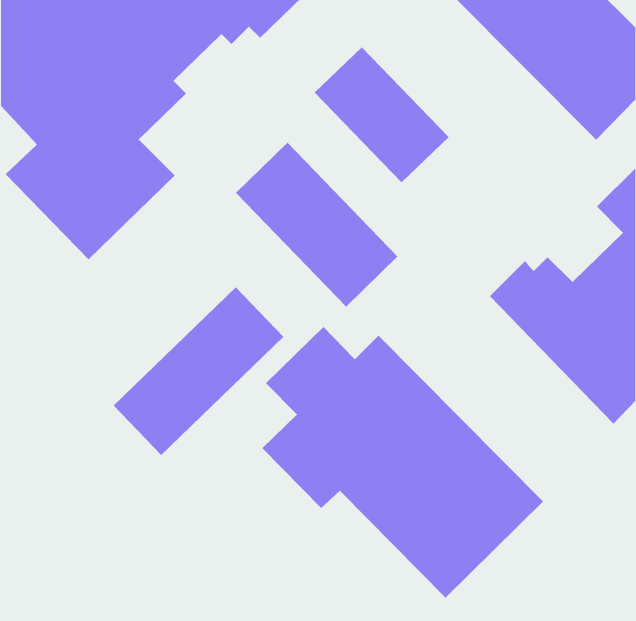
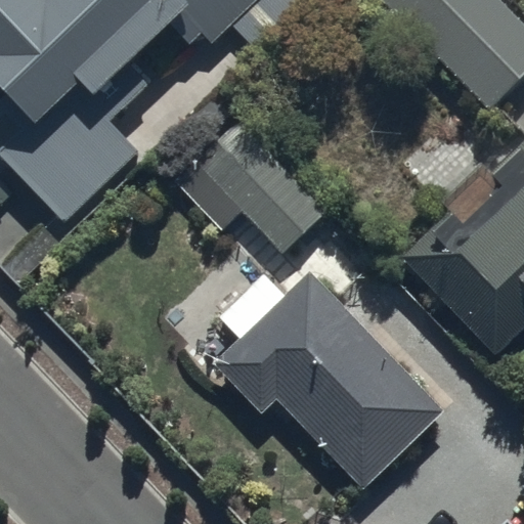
building: [314,46,449,183] -> none
building: [113,286,284,456] -> none

